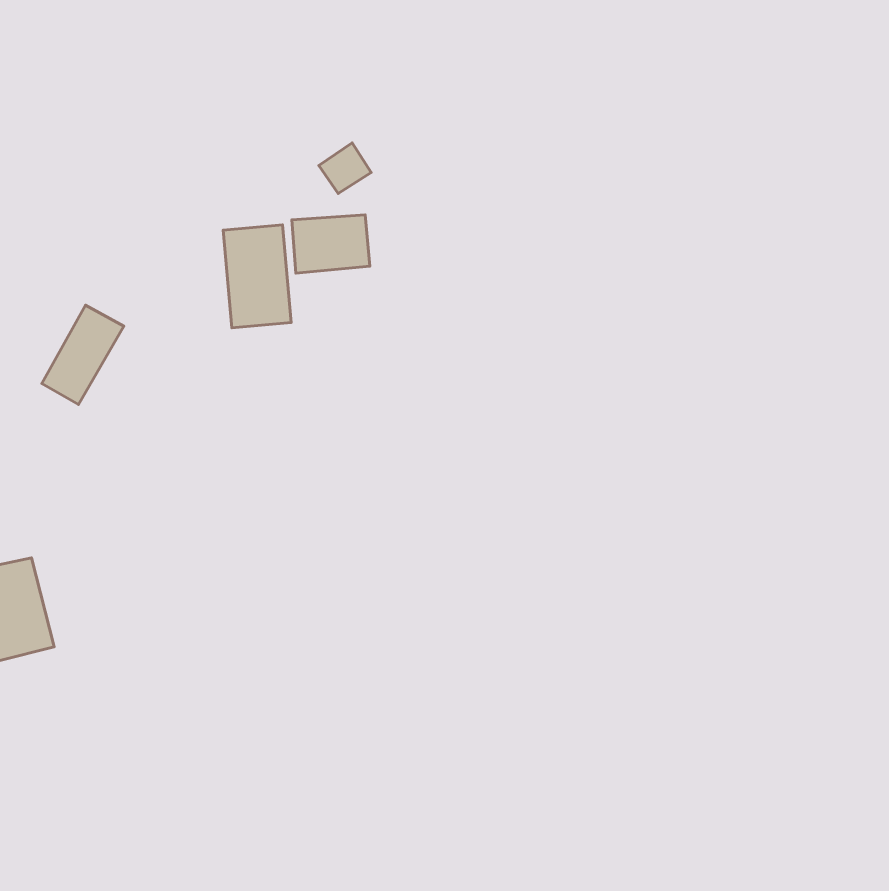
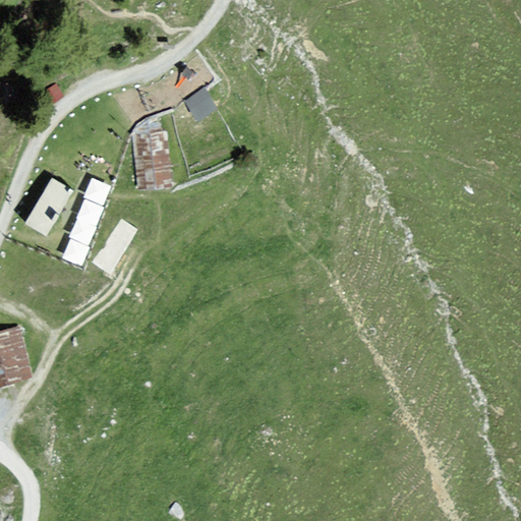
building: [292,215,370,273] -> none
building: none -> [63,174,112,260]

